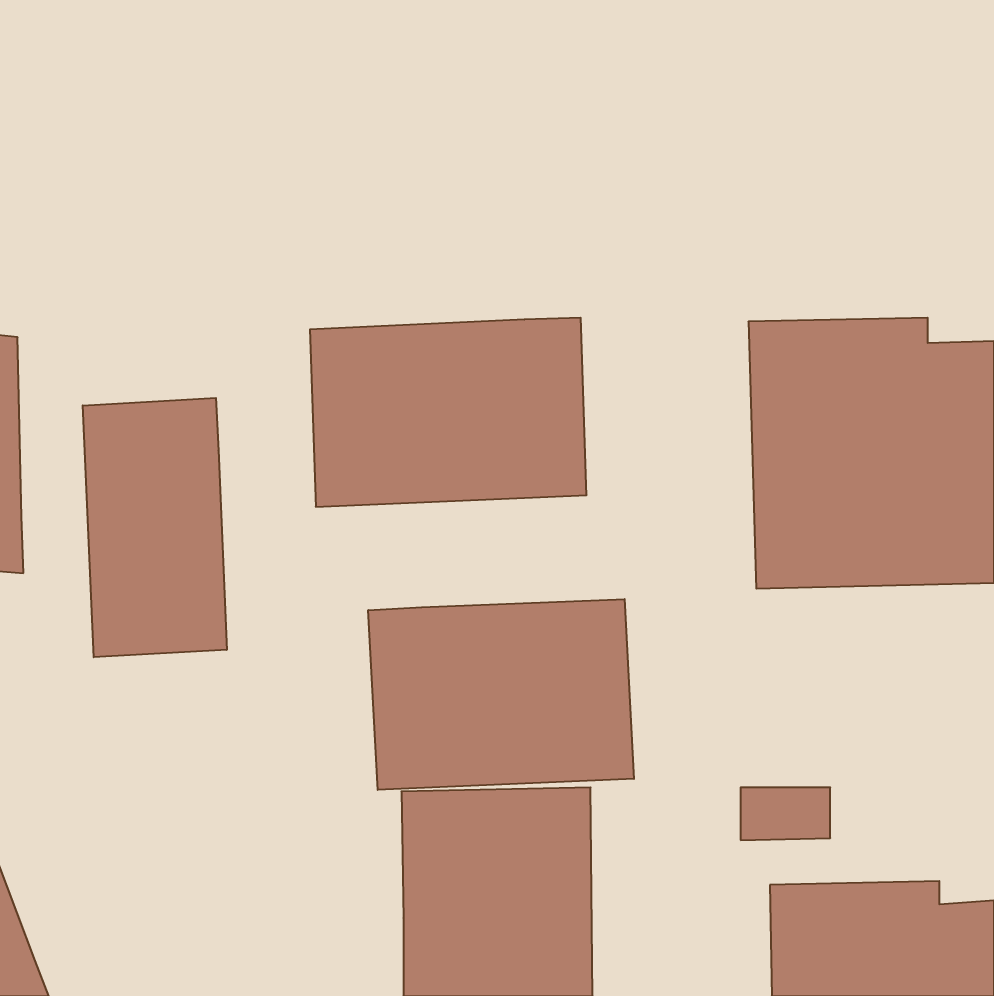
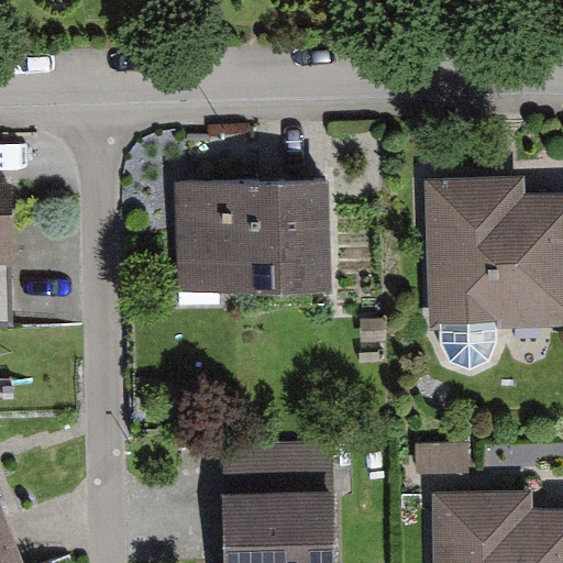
building: [83,398,227,657] -> none
building: [368,599,634,790] -> none

